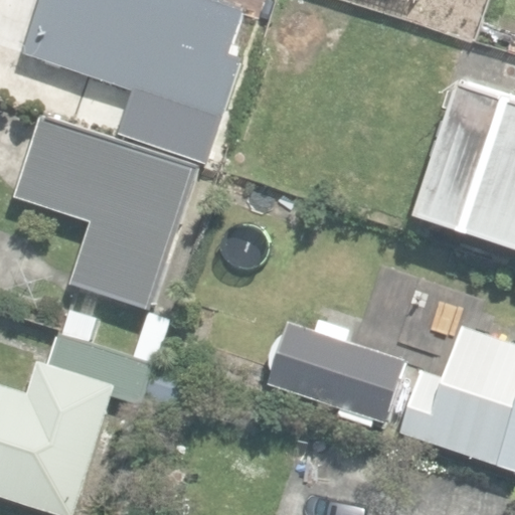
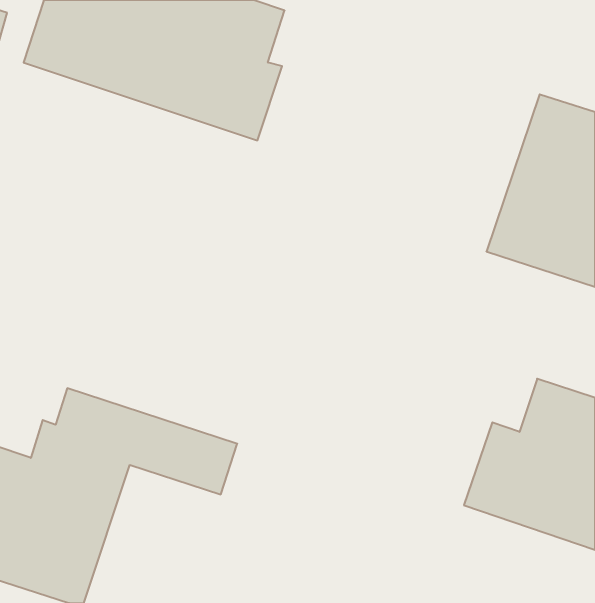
building: [15,117,198,312] -> none
building: [267,319,403,426] -> none

